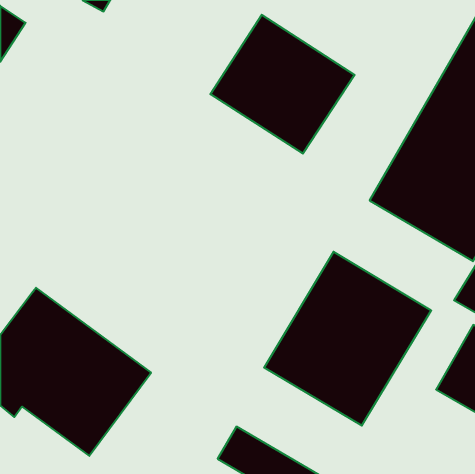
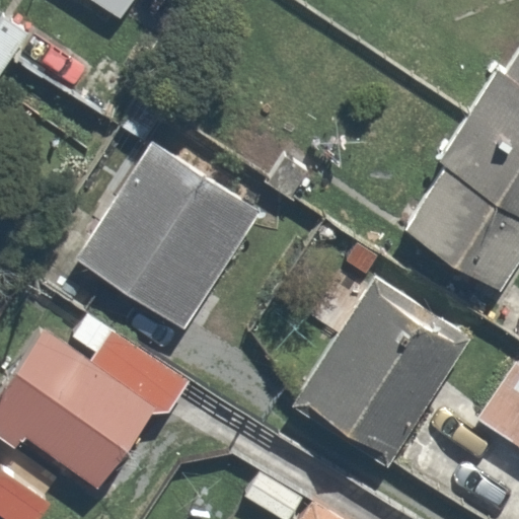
building: [210,15,355,154] -> none
building: none -> [74,134,268,332]

